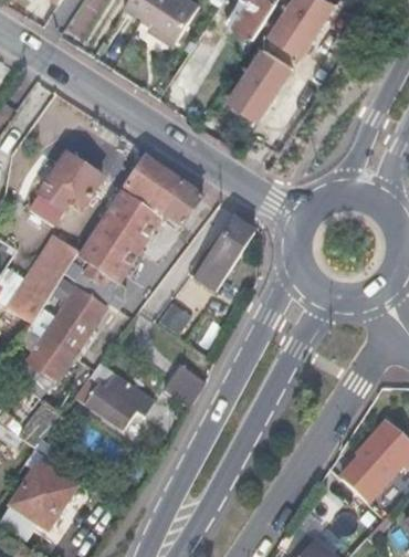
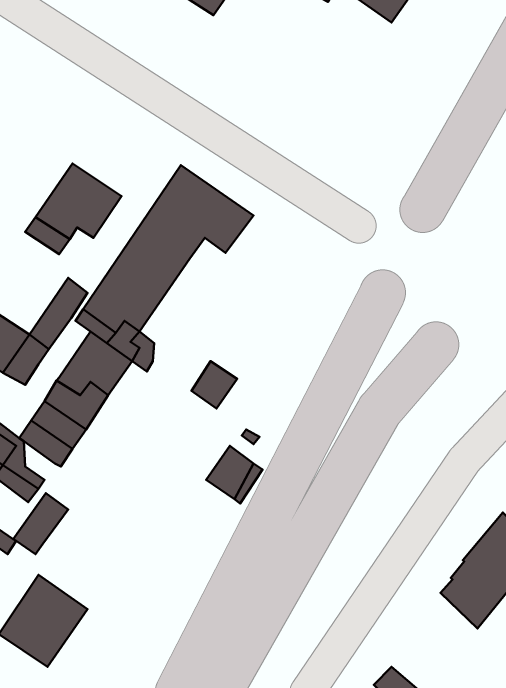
building: [227,43,296,120] -> none
building: [196,218,255,292] -> none
building: [74,361,148,432] -> none

